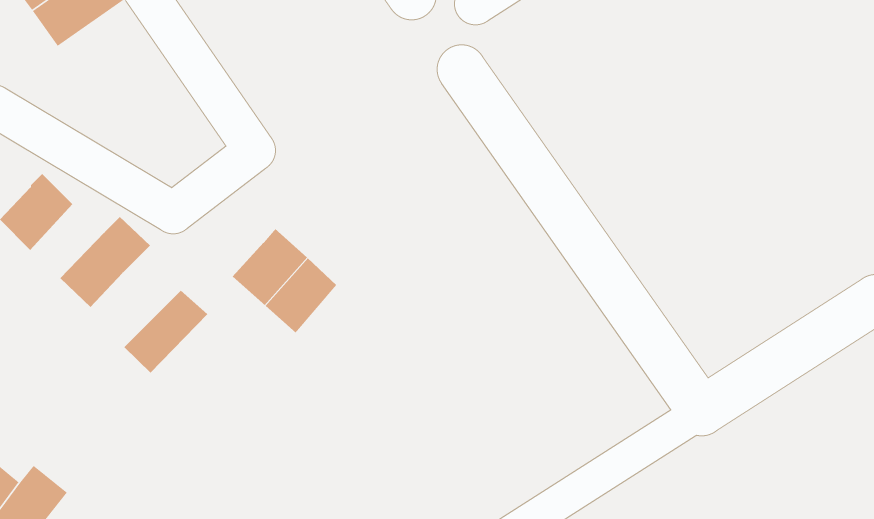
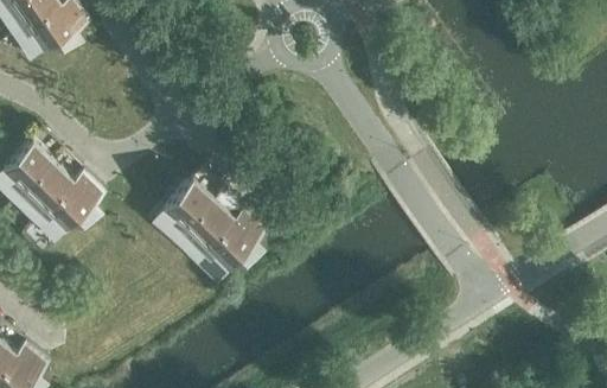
building: none -> [23,165,74,216]
building: none -> [205,209,267,273]
building: [124,290,208,373] -> none

